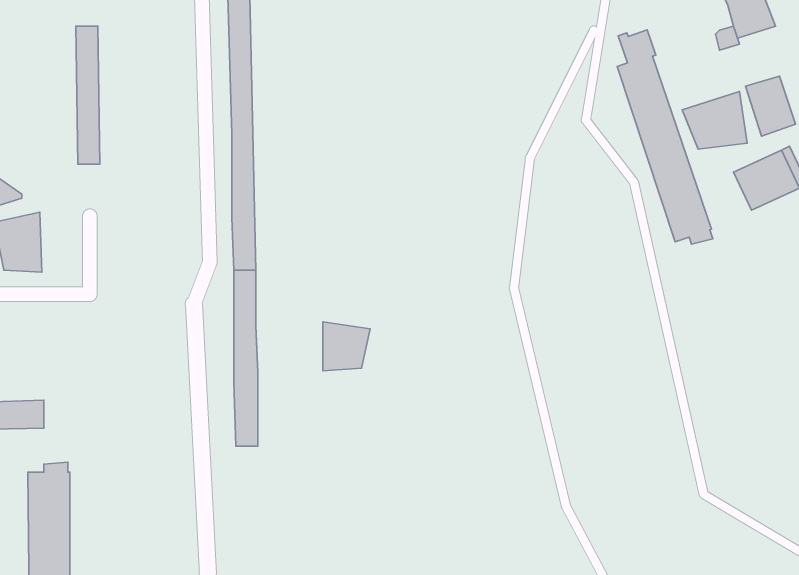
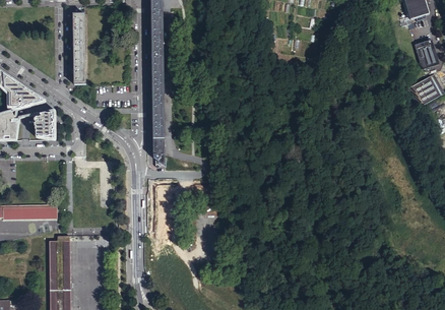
building: [617,30,713,244] -> none
building: [682,92,747,149] -> none
building: [323,322,370,371] -> none

